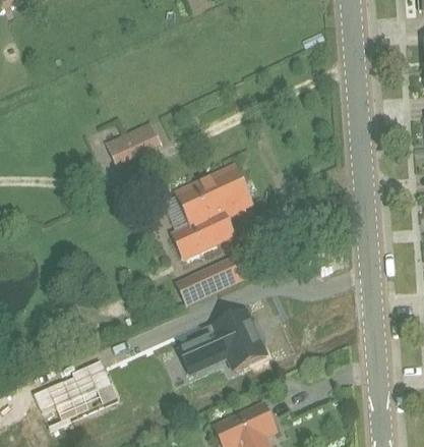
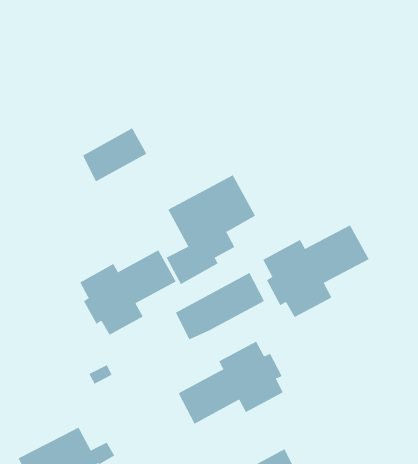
building: none -> [262,224,369,318]
building: none -> [79,250,177,336]

